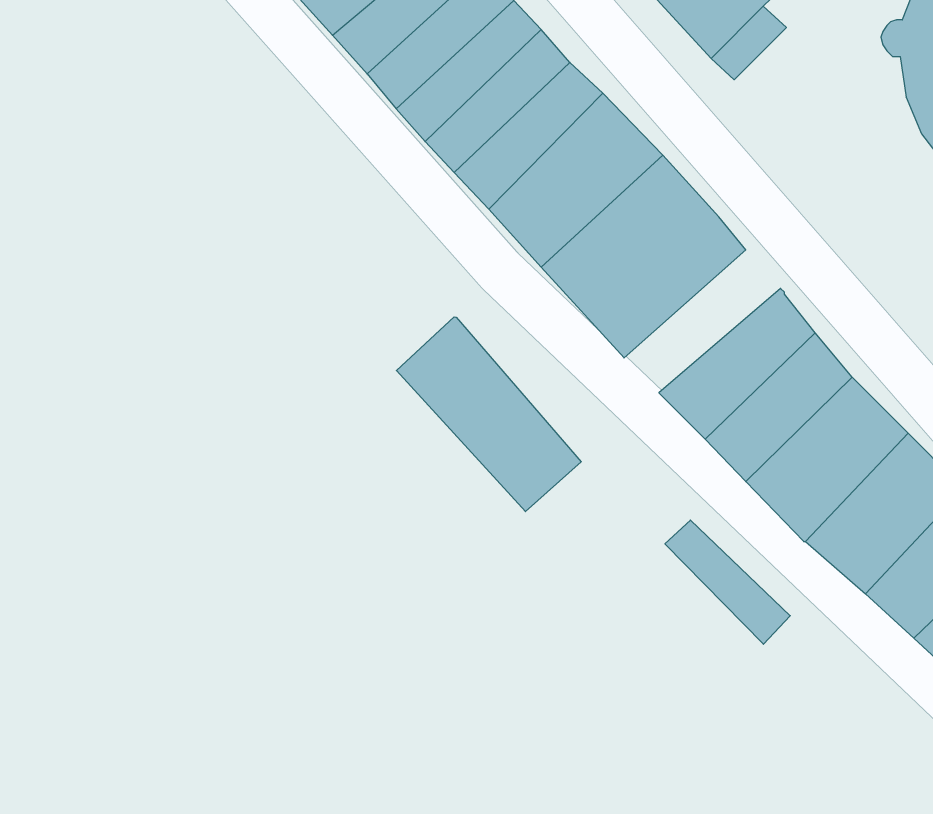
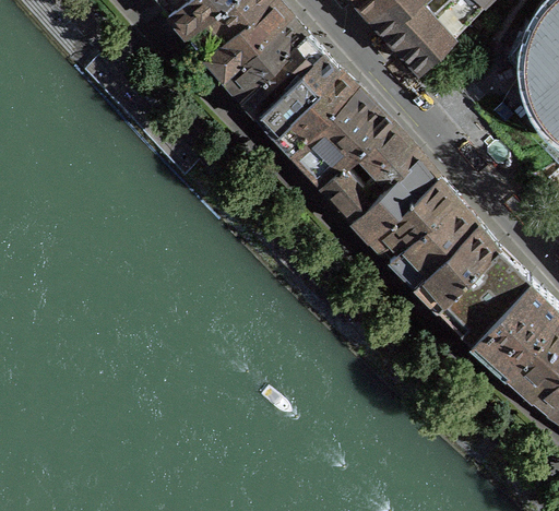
building: none -> [370,180,459,262]
building: [396,317,581,512] -> none
building: [665,520,790,644] -> none

